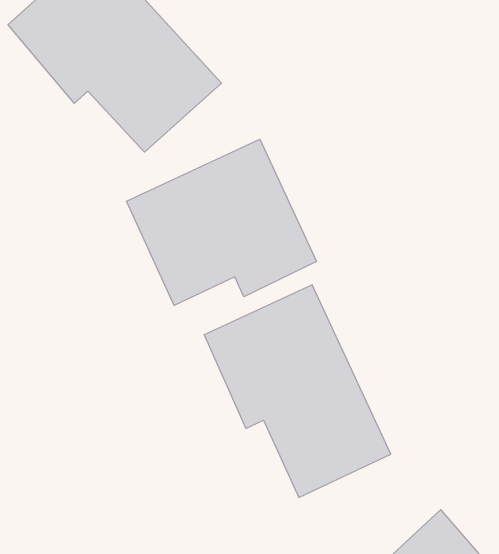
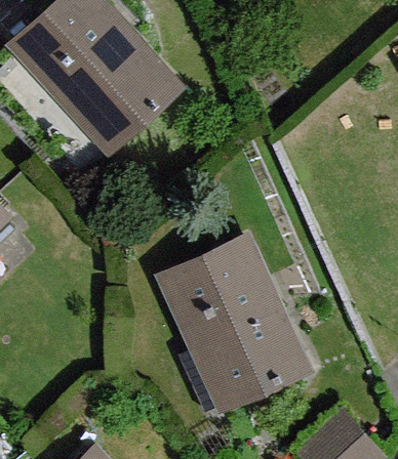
building: [126,139,317,306] -> none

